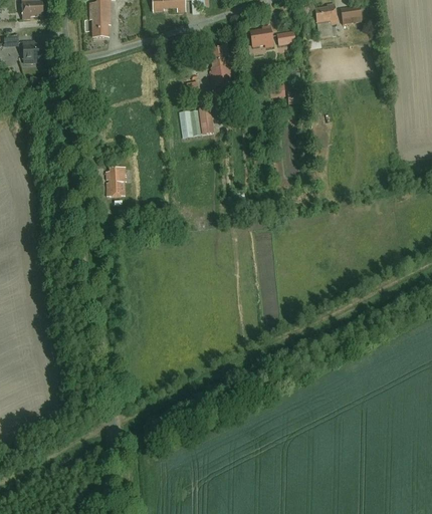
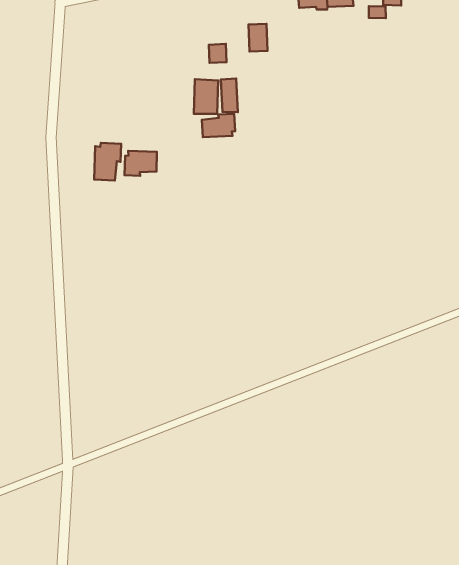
building: none -> [202,114,235,137]
building: none -> [125,151,157,176]

